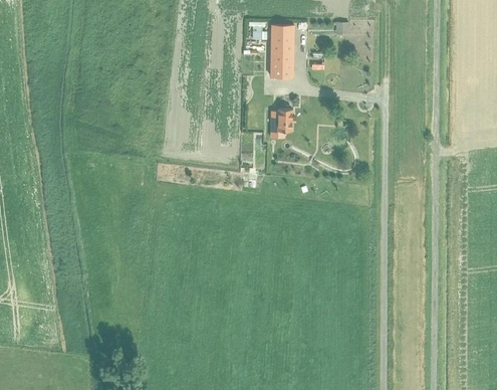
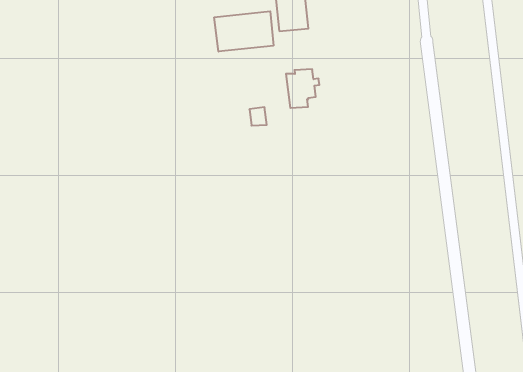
building: none -> [214,11,273,52]

